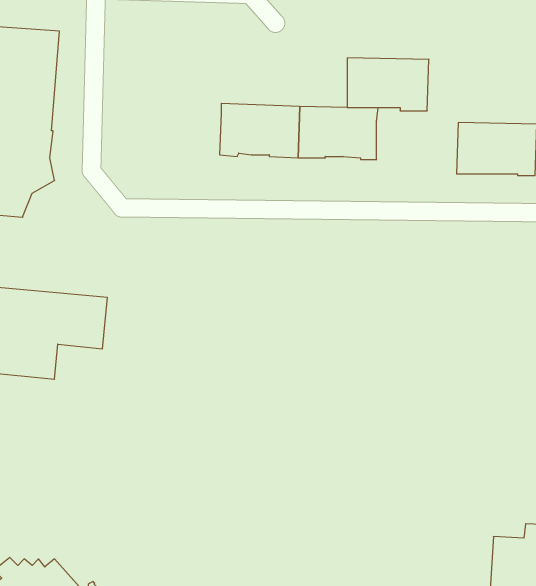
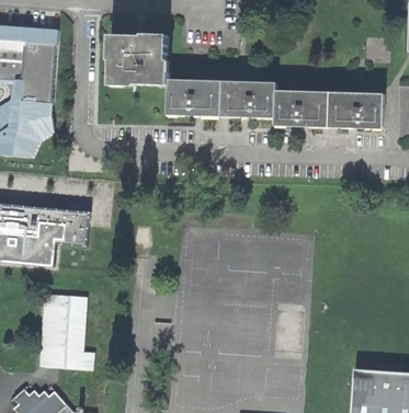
building: none -> [107,34,167,87]
building: [347,58,429,111] -> [273,90,329,126]
building: none -> [38,292,91,367]

